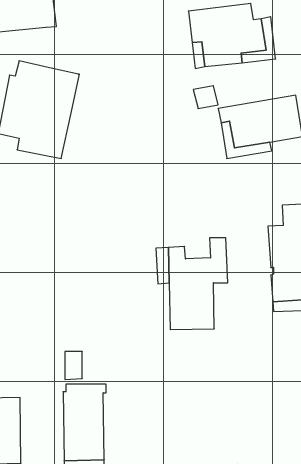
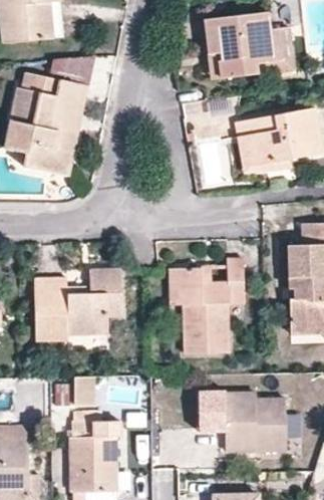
building: none -> [49,56,96,86]
building: none -> [41,268,123,343]
building: none -> [199,390,287,450]

